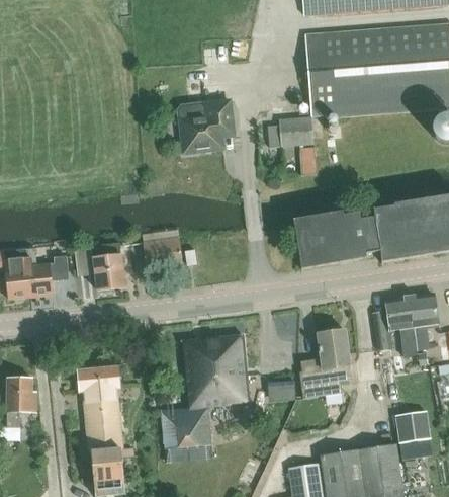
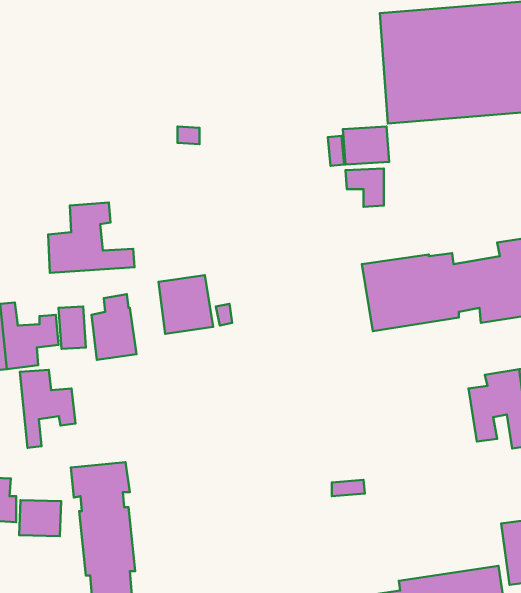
building: [179,99,235,152] -> none
building: none -> [48,202,135,273]
building: none -> [20,370,75,448]
building: [298,328,352,398] -> none
building: [162,334,249,448] -> none
building: none -> [19,500,61,536]

